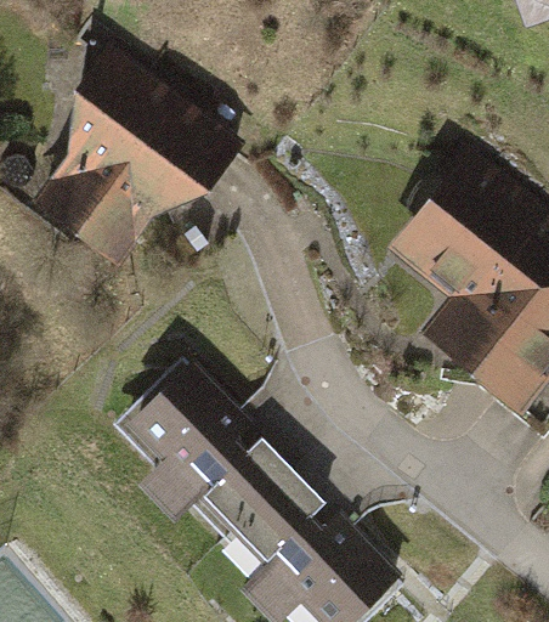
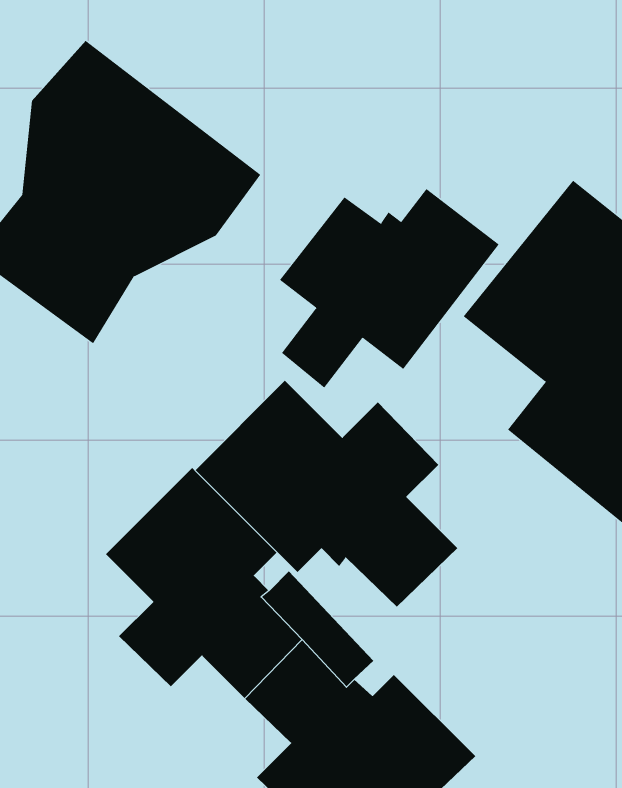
building: none -> [279,188,499,388]
building: none -> [195,380,458,608]

